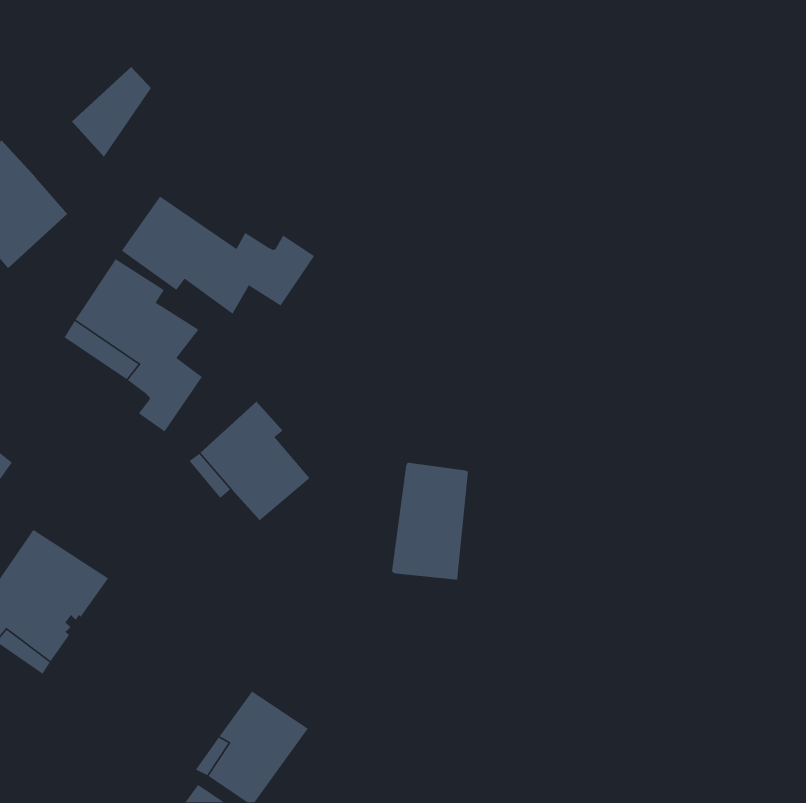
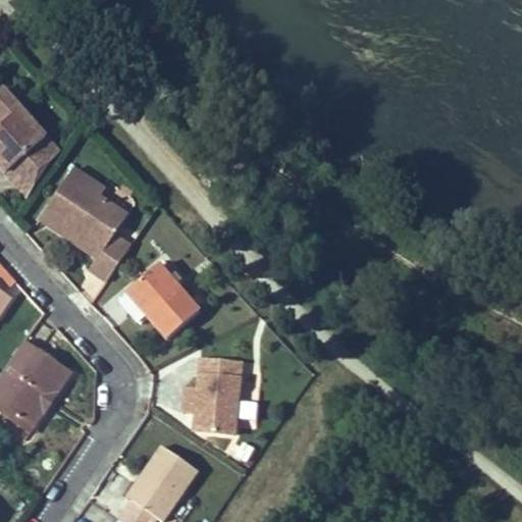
building: [71,66,152,158] -> [5,138,57,197]
building: [121,196,315,315] -> none
building: [391,462,469,581] -> [192,358,242,434]

